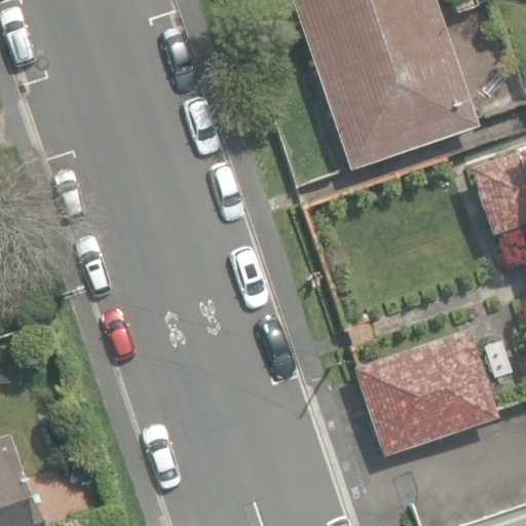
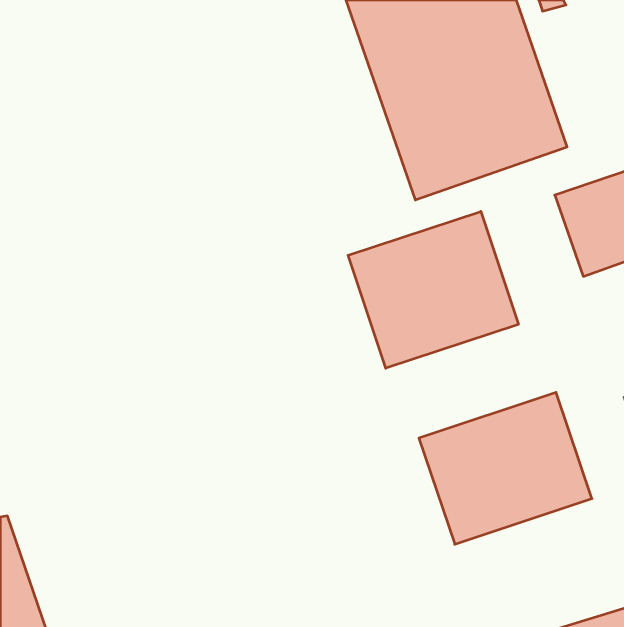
building: none -> [348,211,518,368]

